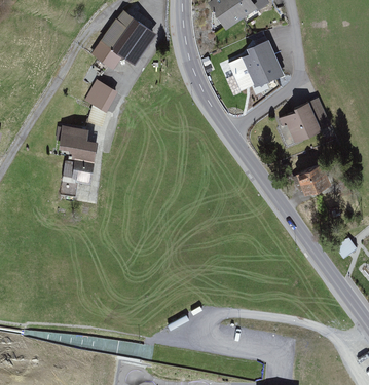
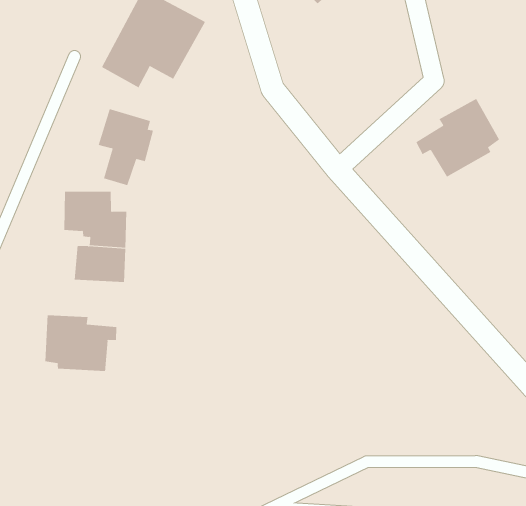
building: [229,41,284,90] -> none
building: [297,165,331,199] -> none
building: none -> [45,315,117,372]

